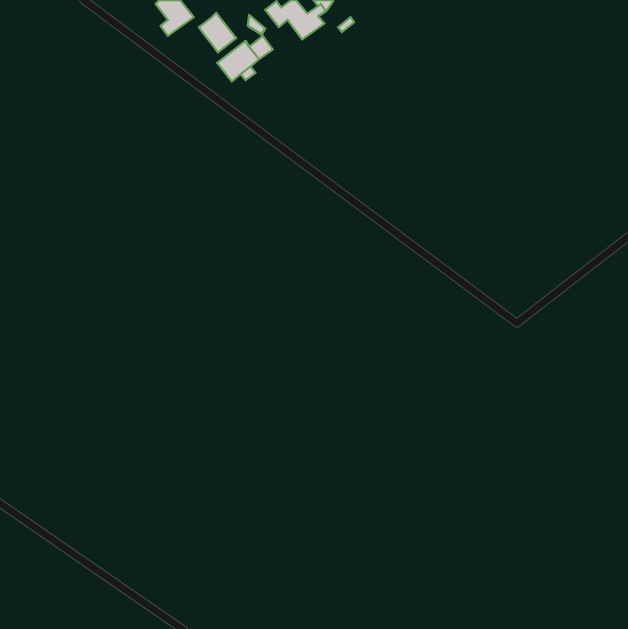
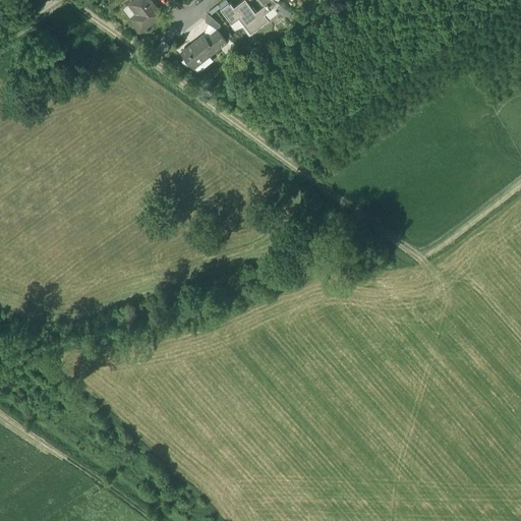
building: [199,13,236,52] -> none

